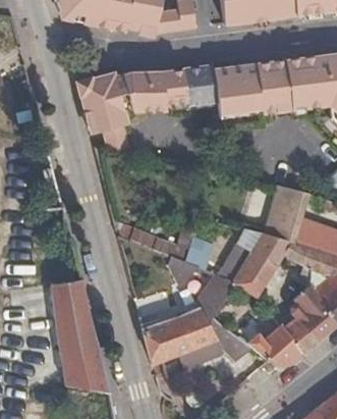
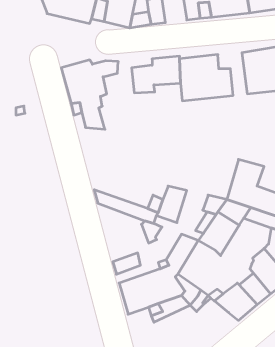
building: [257,64,290,113] -> none
building: [125,71,181,111] -> none
building: [54,279,111,394] -> none

